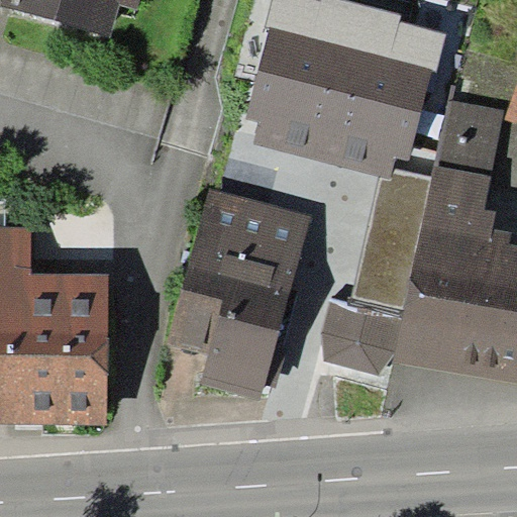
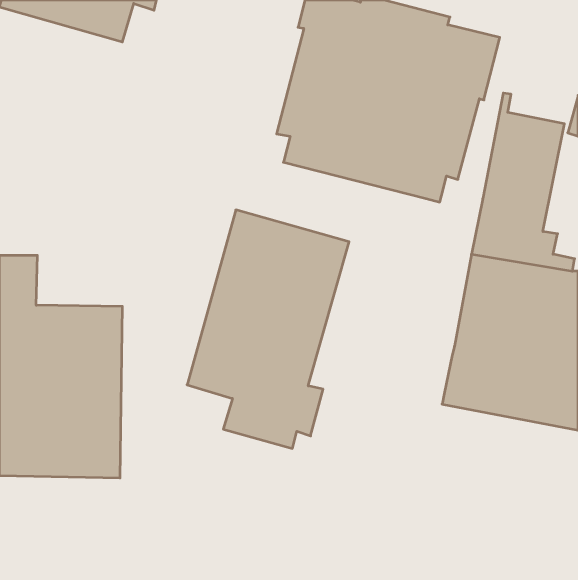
building: [353,169,430,308] -> none
building: [321,298,403,375] -> none

